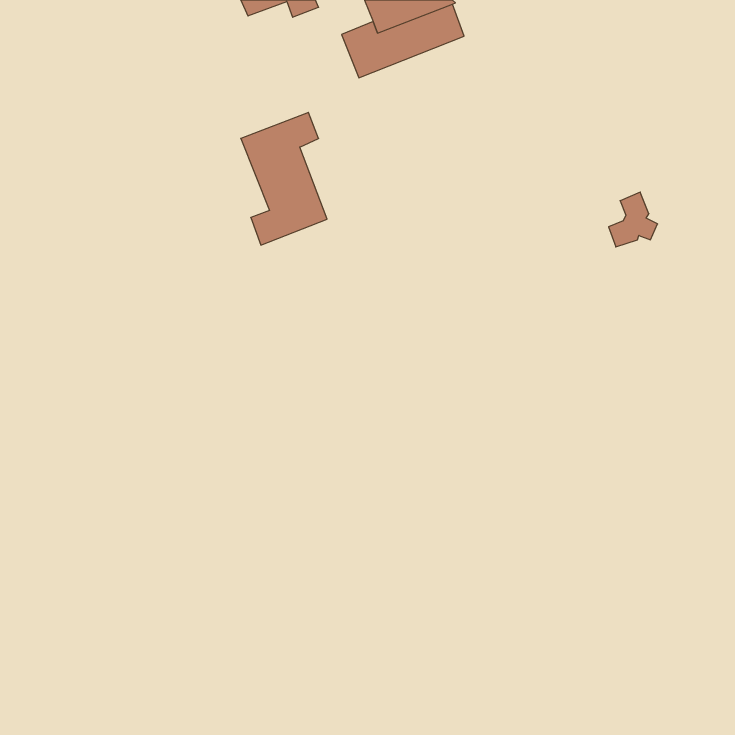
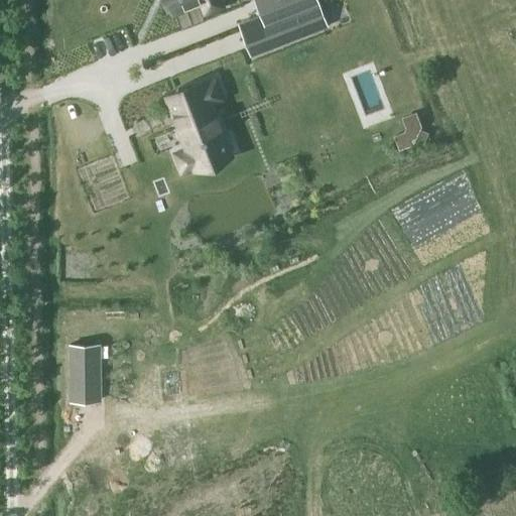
building: [609,192,658,247] -> [395,112,429,150]
building: none -> [71,345,100,401]

